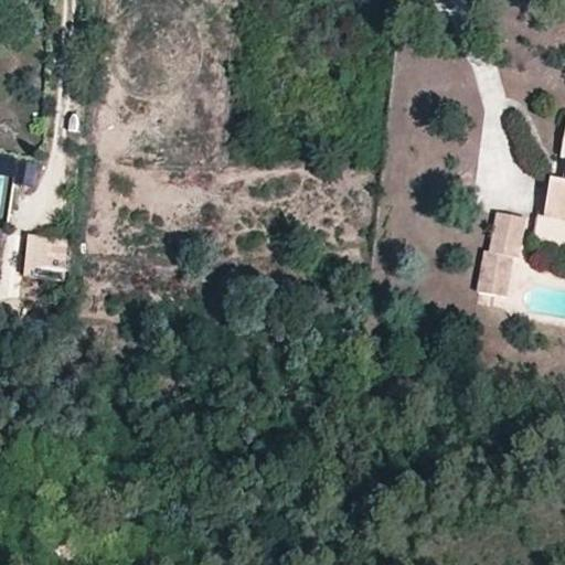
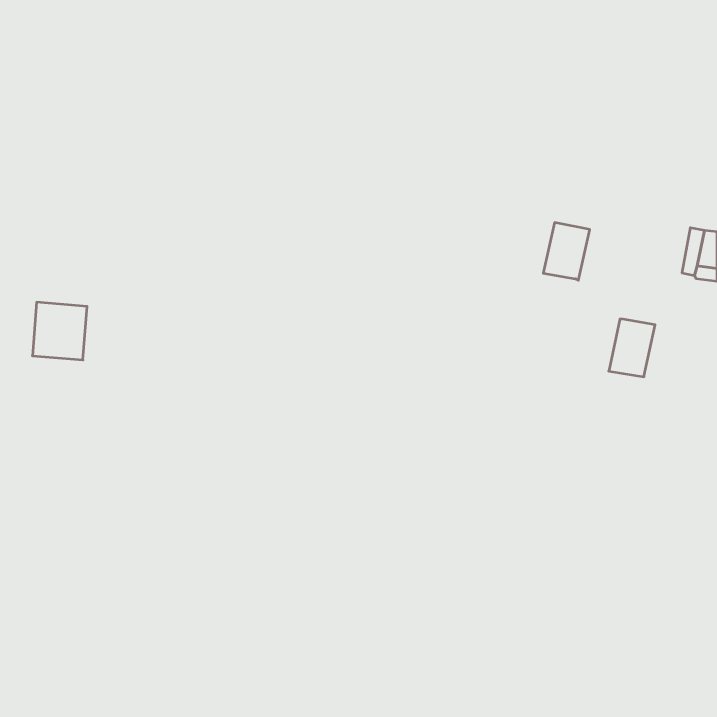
building: [489,211,525,256] -> [543,223,590,280]

